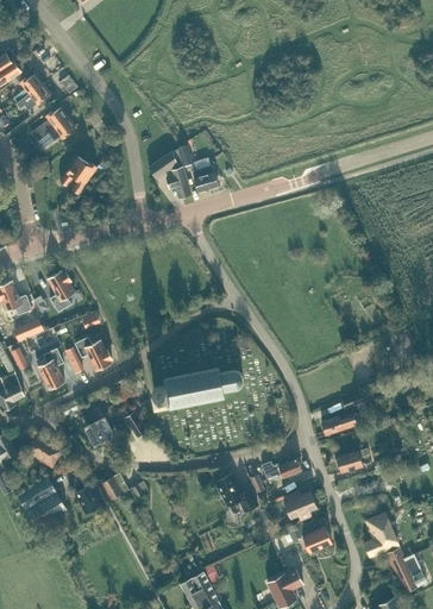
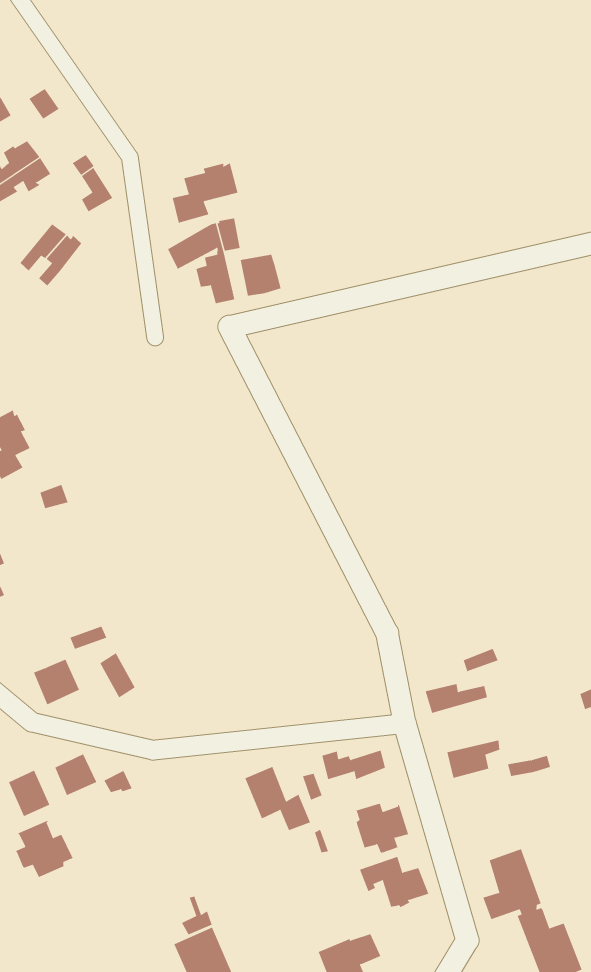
building: none -> [172,163,238,223]
building: [74,337,111,371] -> none
building: [152,369,241,408] -> none
building: none -> [15,820,74,879]

